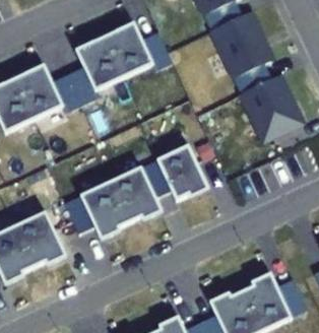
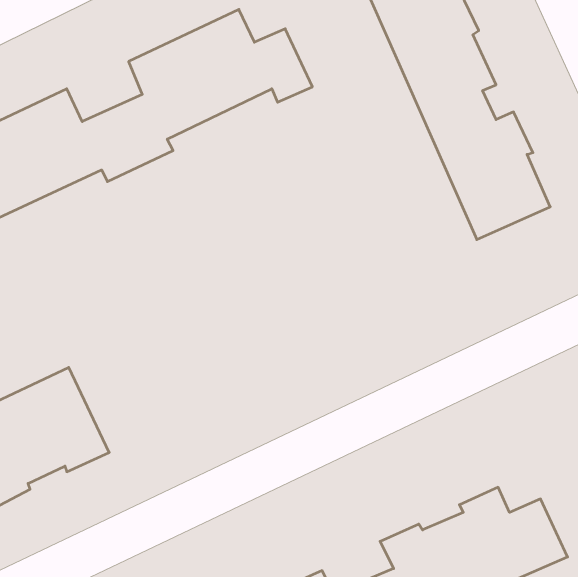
building: [64,143,209,239] -> none

